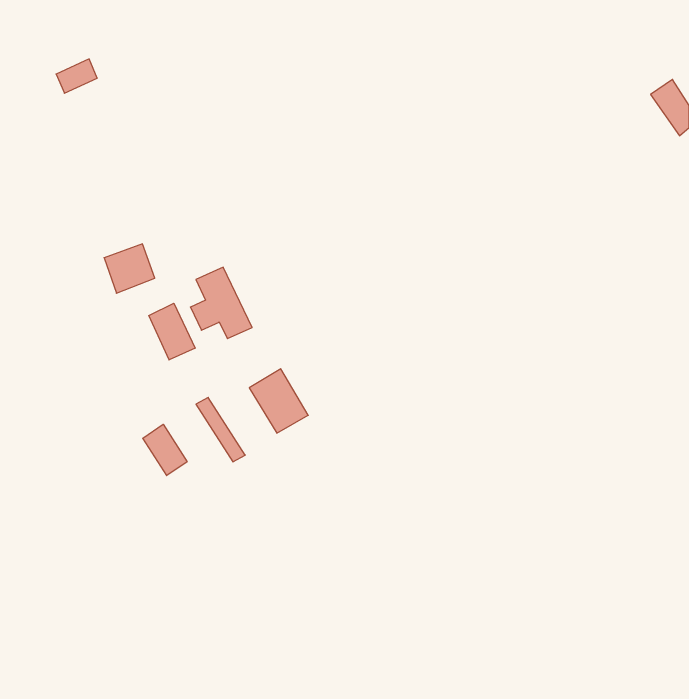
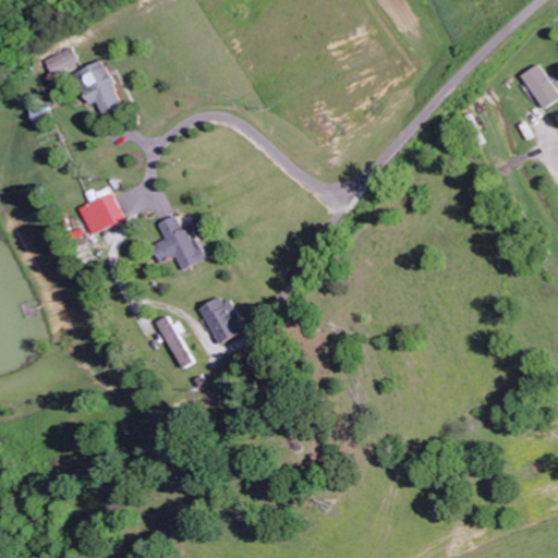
building: none -> [74,59,123,114]
building: [149,303,195,360] -> none
building: [143,424,187,476] -> none

